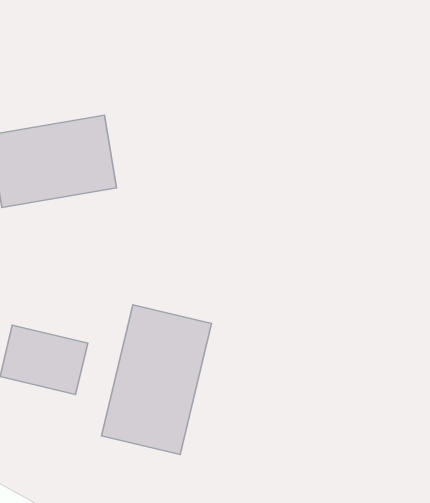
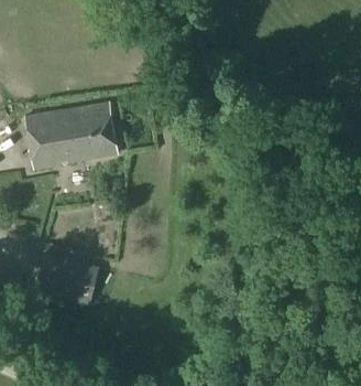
building: [102,305,211,454] -> none

